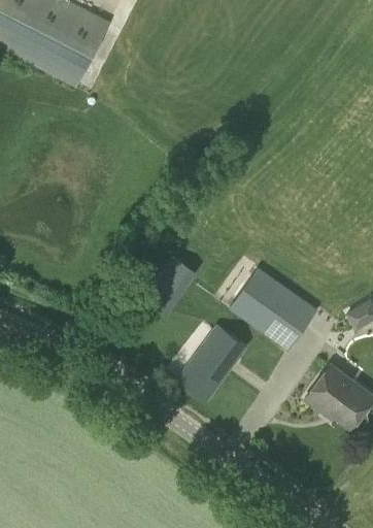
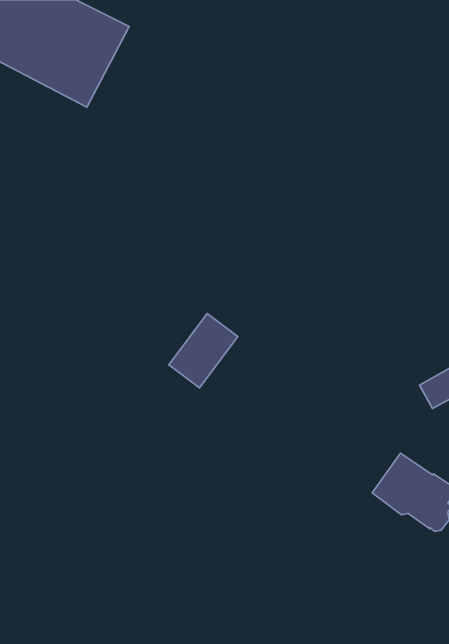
building: [227,265,317,350] -> none
building: [176,324,246,399] -> none

